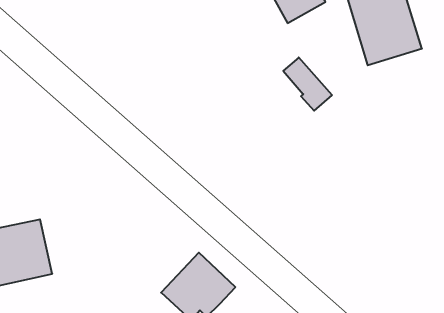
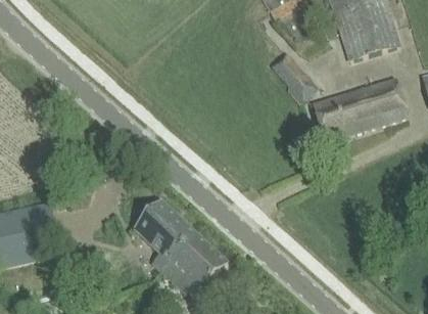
building: none -> [311,78,408,143]
building: none -> [134,201,193,270]

